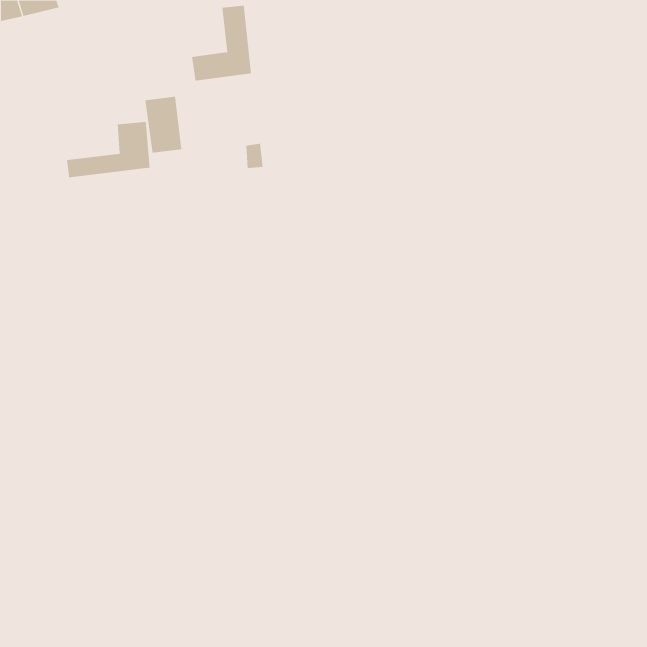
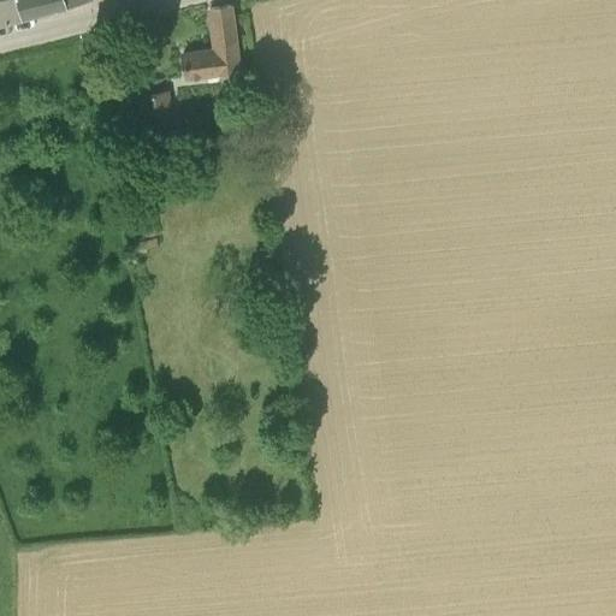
building: [66,121,150,178] -> none

